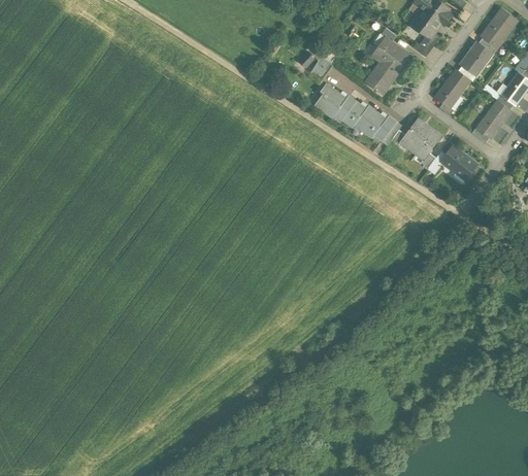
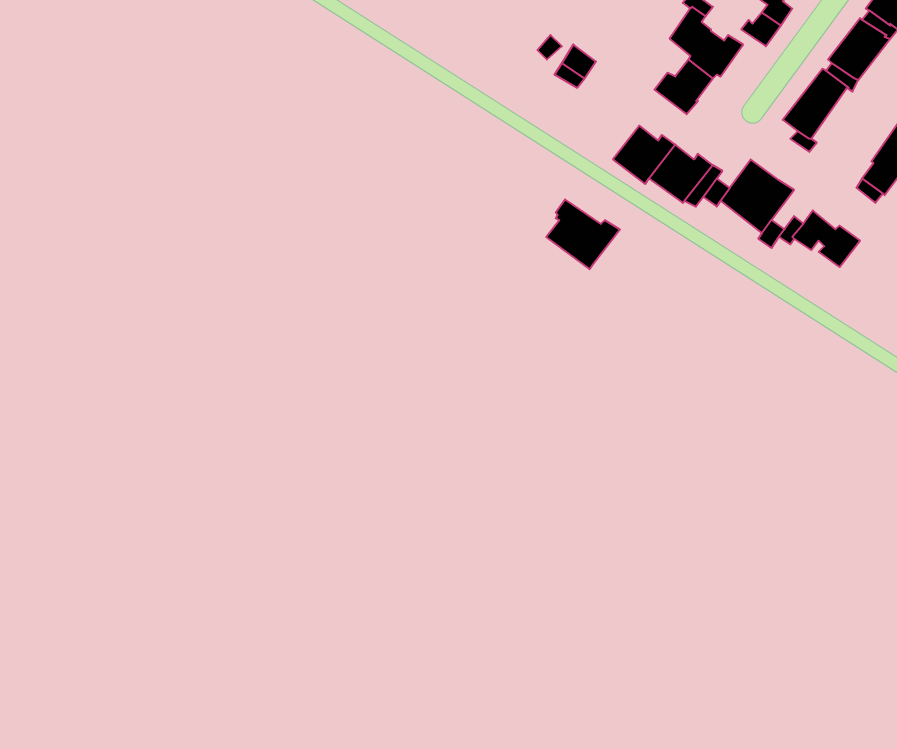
building: [316,83,356,122] -> [546,199,620,269]

